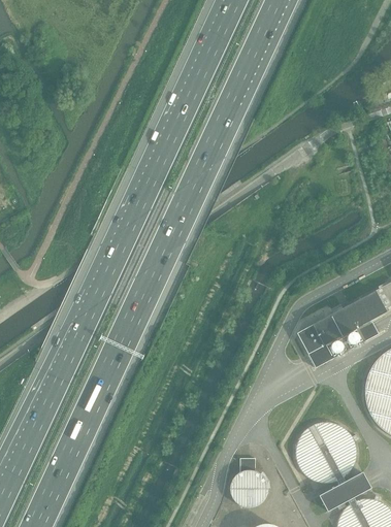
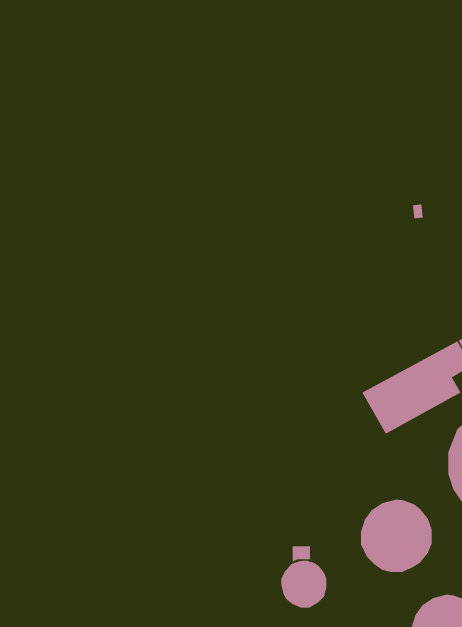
building: [320,471,372,510] -> none

